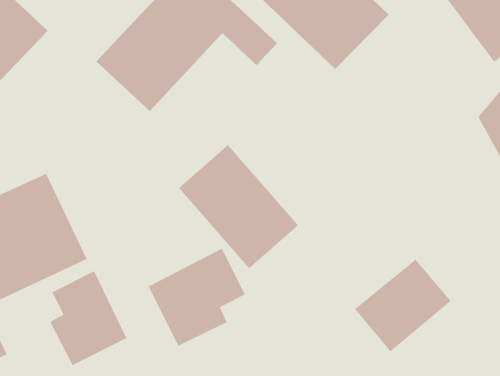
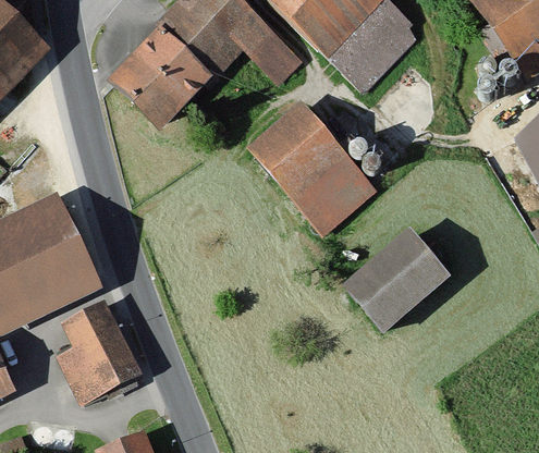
building: [178,144,299,269] -> [248,101,377,234]
building: [148,248,246,347] -> none
building: [354,259,452,352] -> [345,232,449,331]

